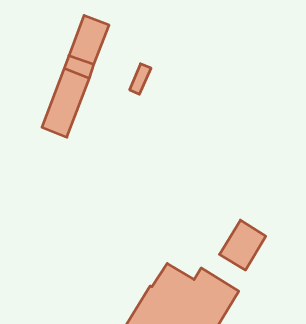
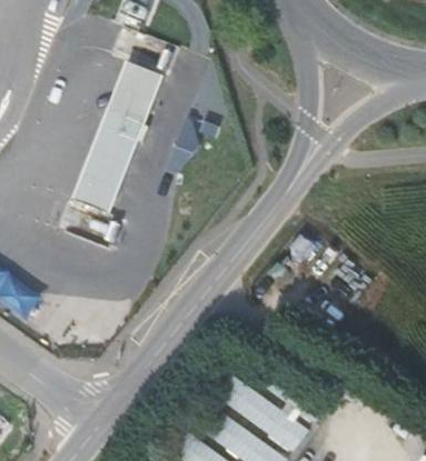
building: [219,220,266,270] -> none

